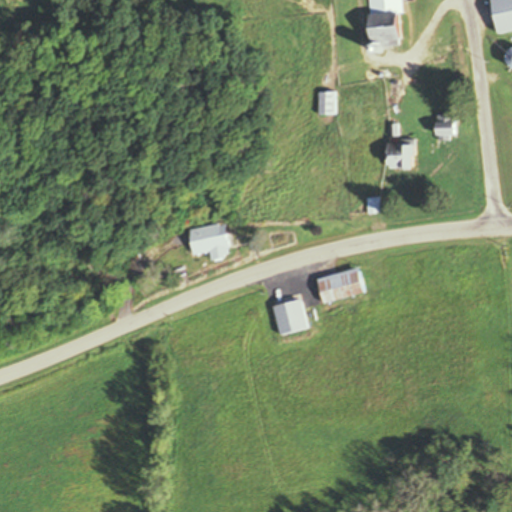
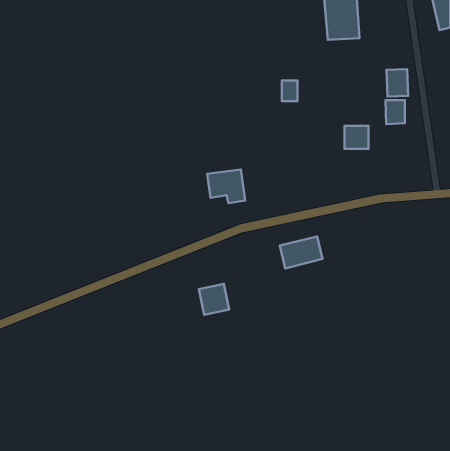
building: none -> [387,69,408,97]
building: [186,222,229,260] -> [207,170,245,203]
building: [272,299,306,334] -> [199,284,229,315]

